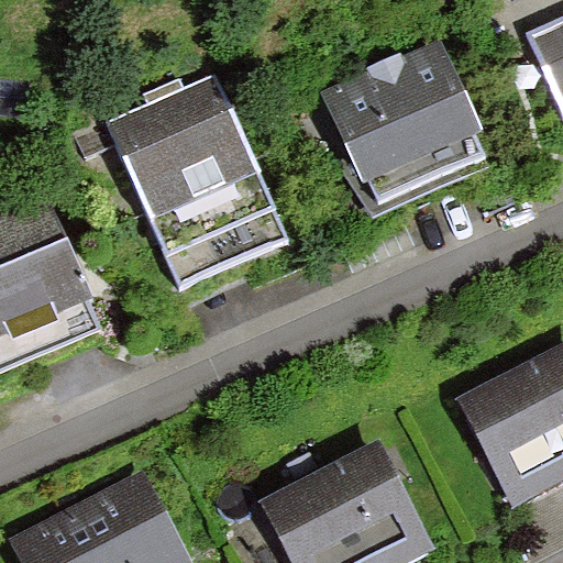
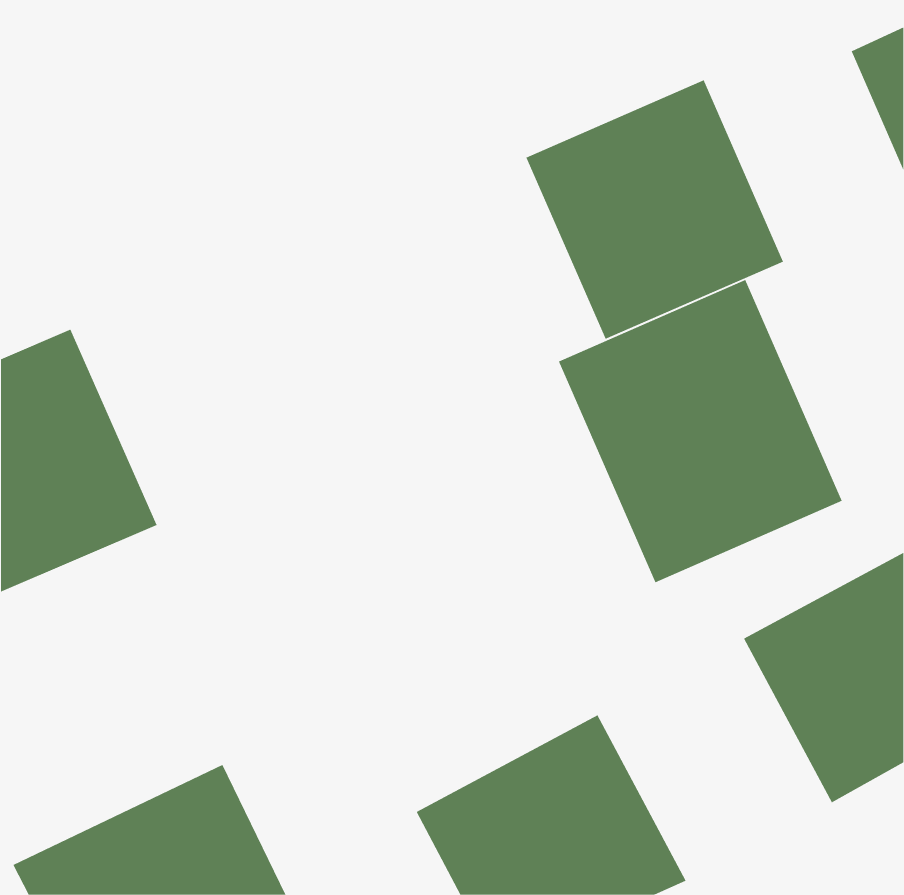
building: [117,78,283,278] -> none
building: none -> [558,279,842,583]

